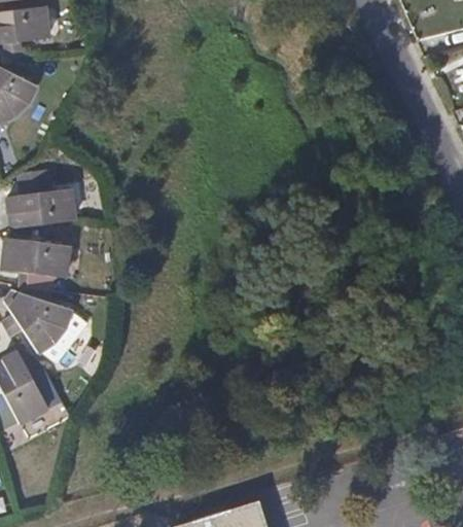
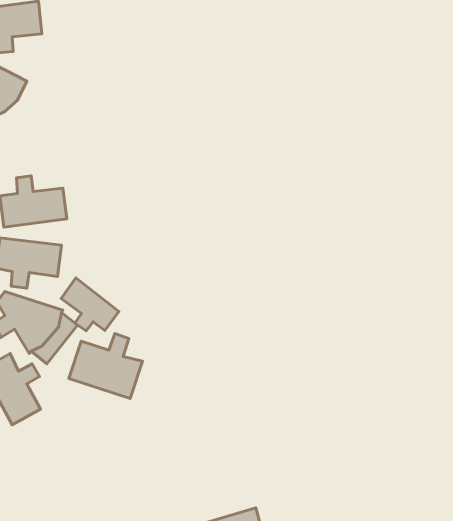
building: none -> [61,278,119,331]
building: none -> [69,333,142,399]

